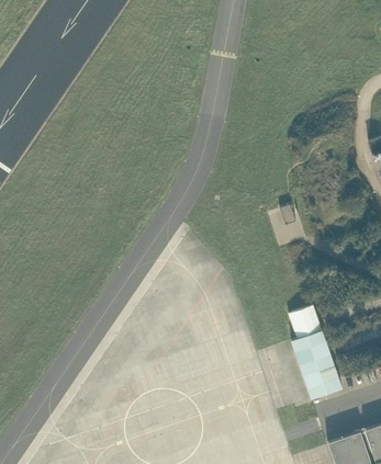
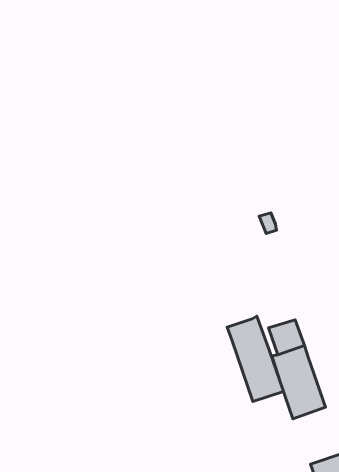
building: none -> [227,316,284,402]

